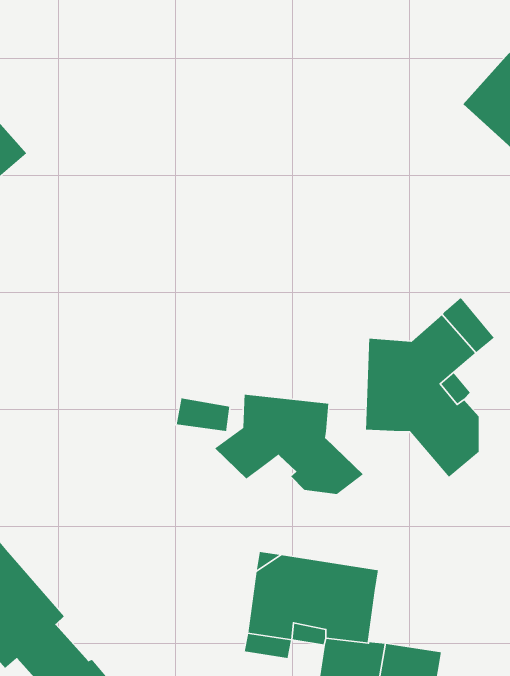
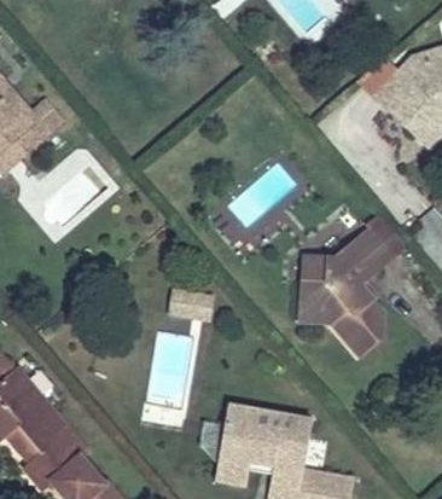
building: [214,394,364,495] -> none

